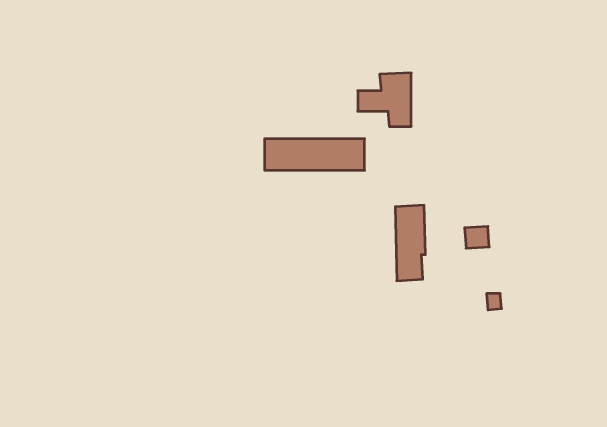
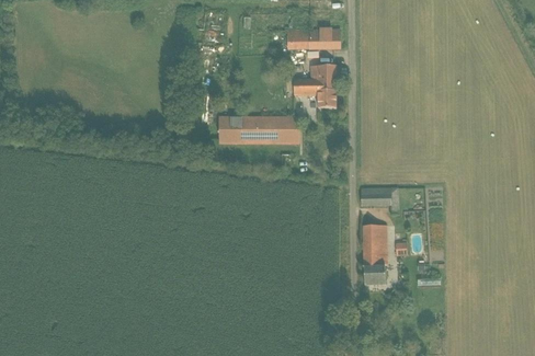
building: none -> [286,30,340,48]
building: [395,205,425,281] -> [363,225,387,285]

